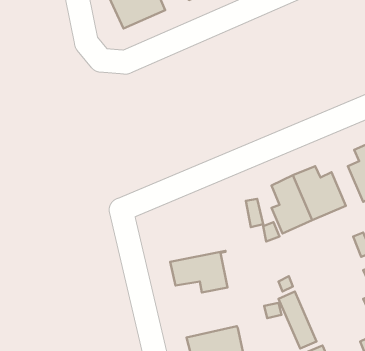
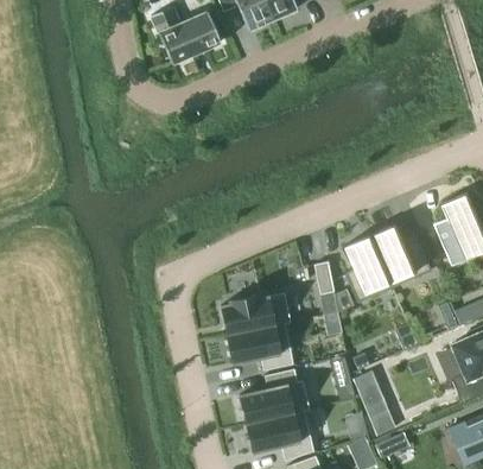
building: none -> [221,292,291,335]
building: none -> [240,368,304,423]

